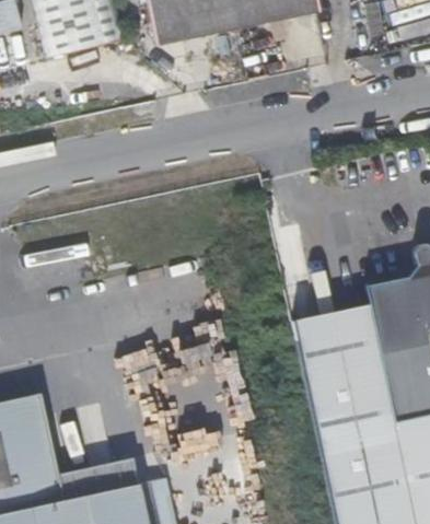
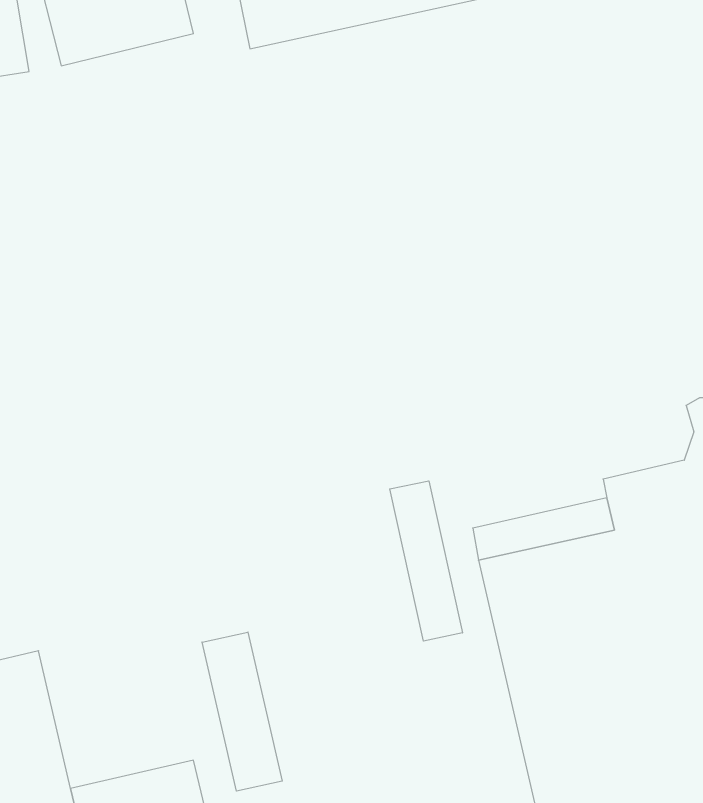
building: none -> [390,481,462,641]
building: none -> [202,632,282,791]

